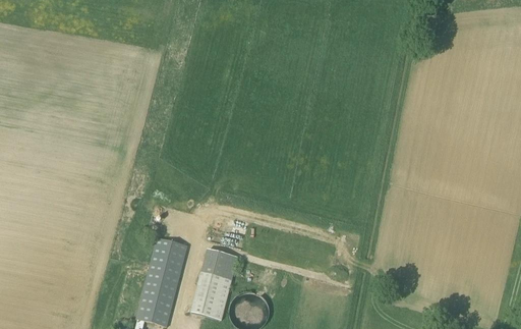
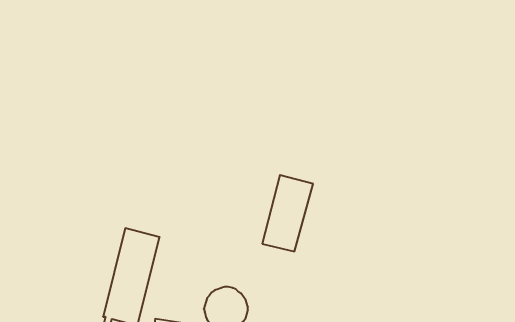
building: [191,249,238,319] -> [262,175,313,251]

